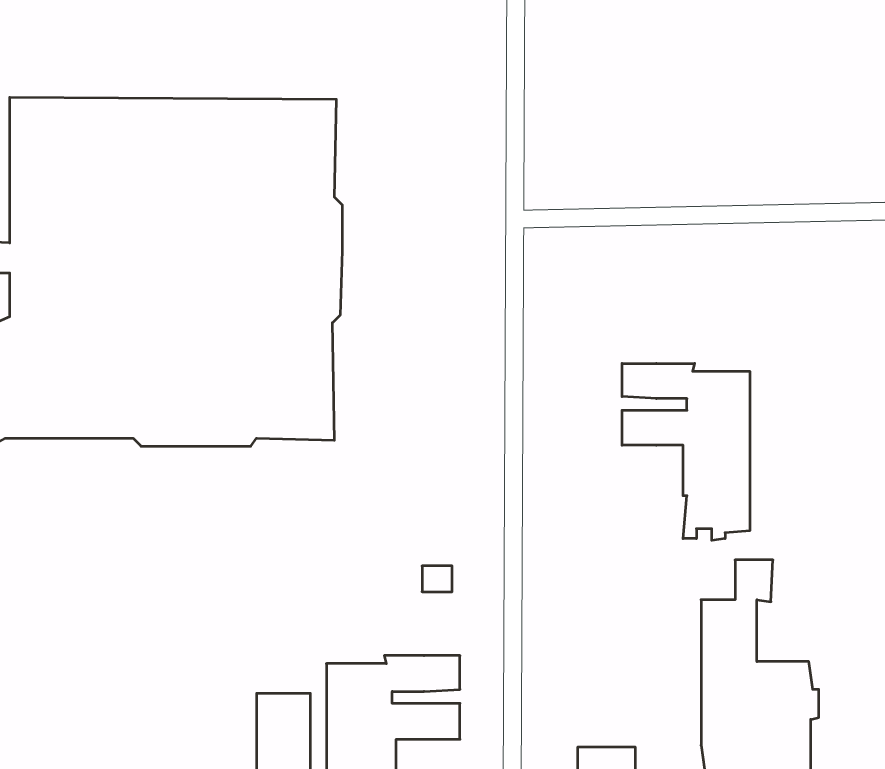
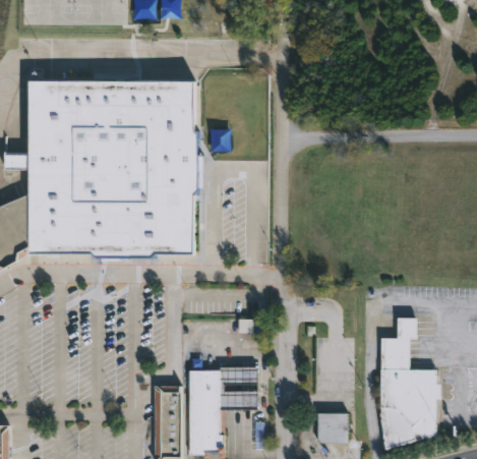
building: [622,363,750,540] -> none

